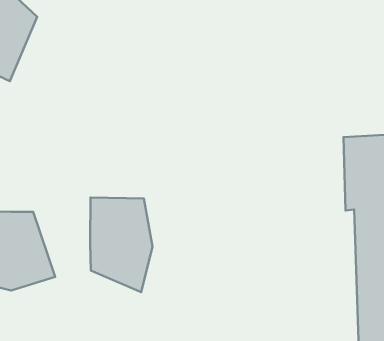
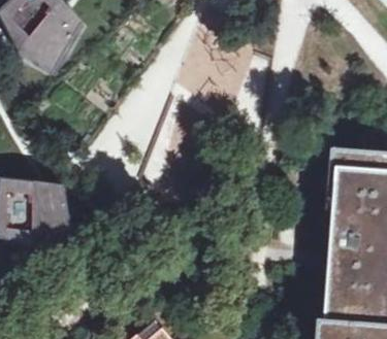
building: [90,197,152,292] -> none

